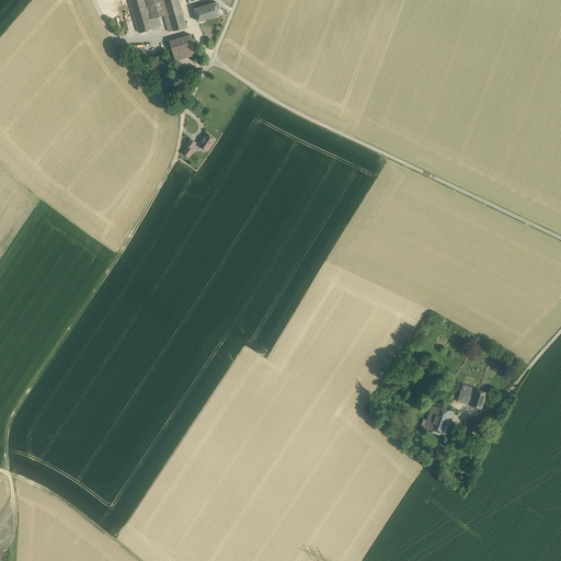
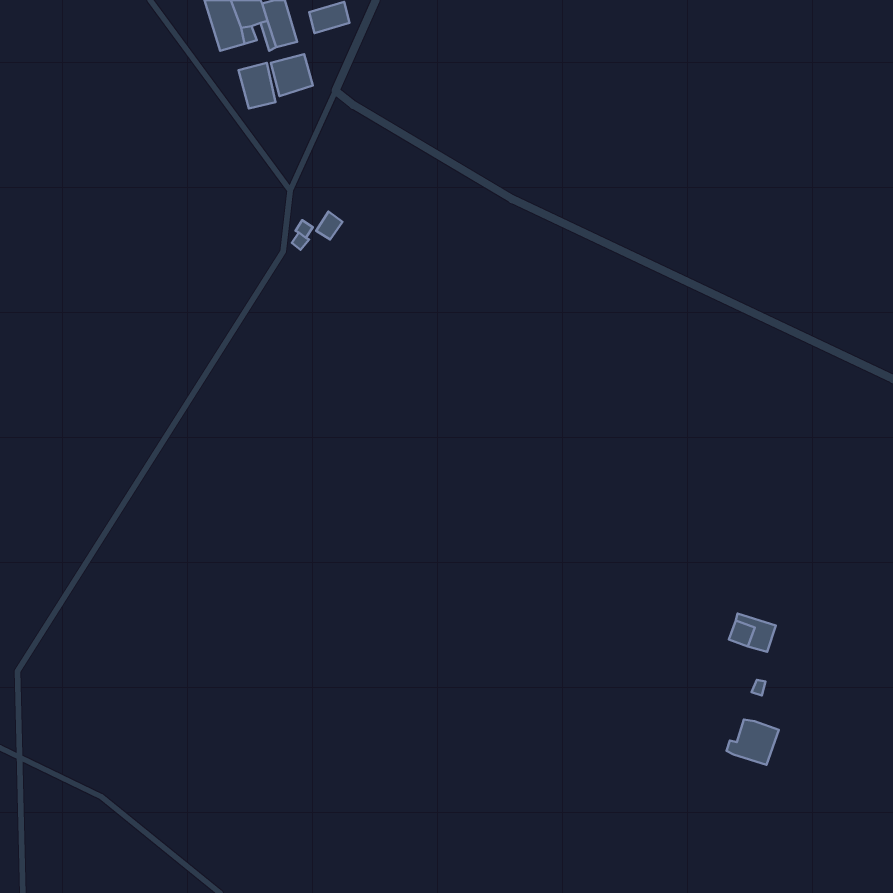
building: none -> [239,63,276,109]
building: [421,405,454,434] -> [726,719,779,765]

